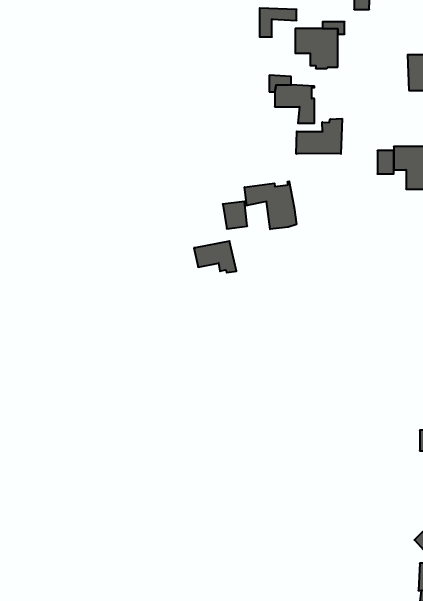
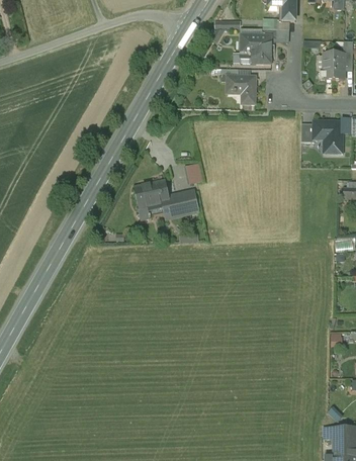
building: [296,119,342,154] -> none
building: [245,181,296,229] -> none
building: none -> [134,179,169,219]

